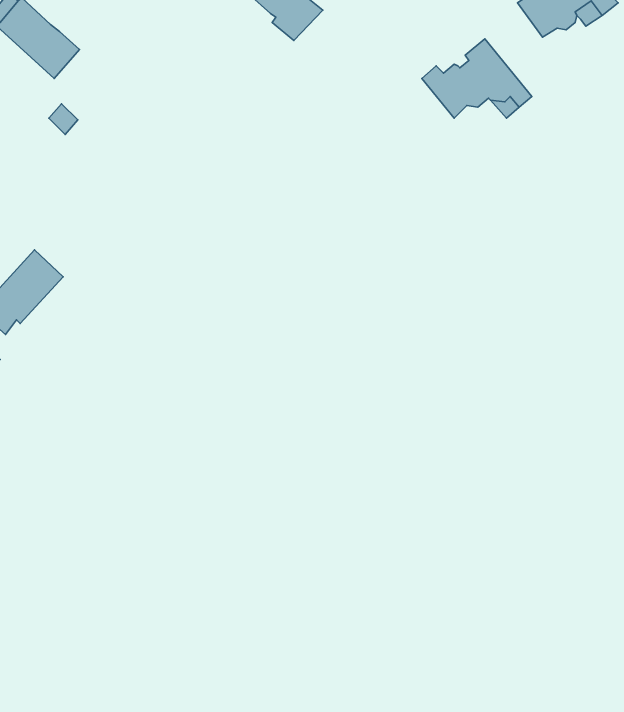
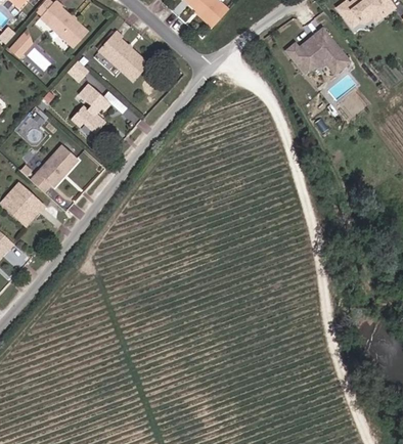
building: none -> [99,31,148,82]
building: none -> [72,92,111,136]

